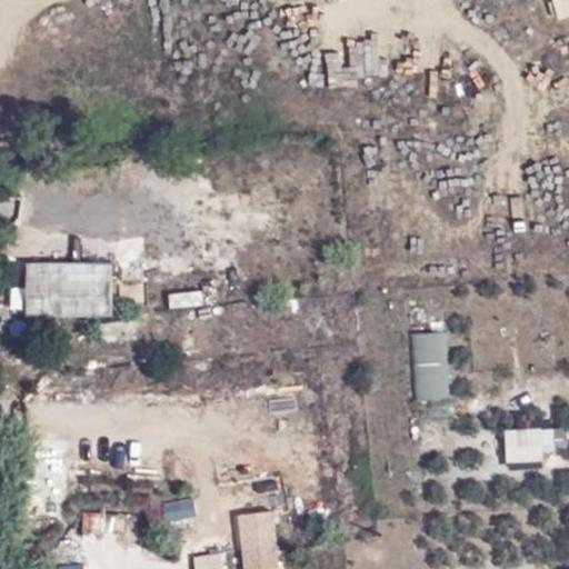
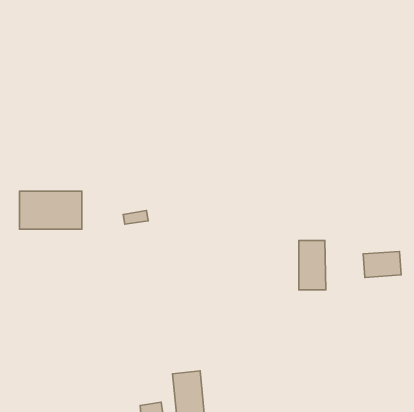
building: [505,427,557,462] -> [363,252,401,277]

